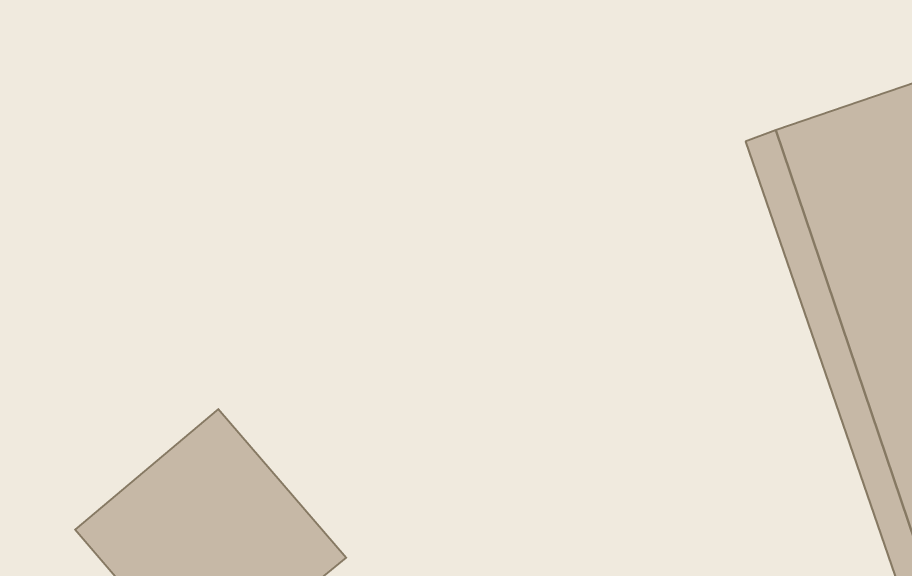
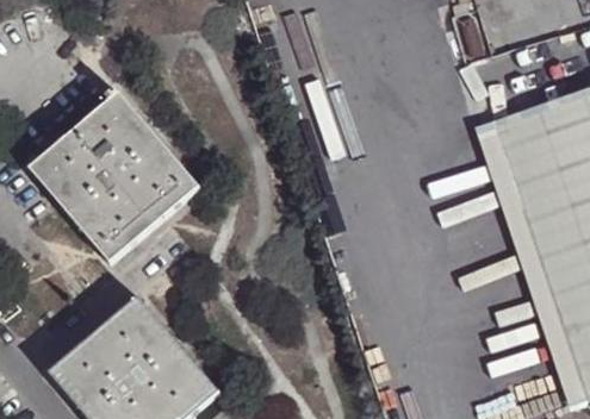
building: none -> [31,92,199,261]

